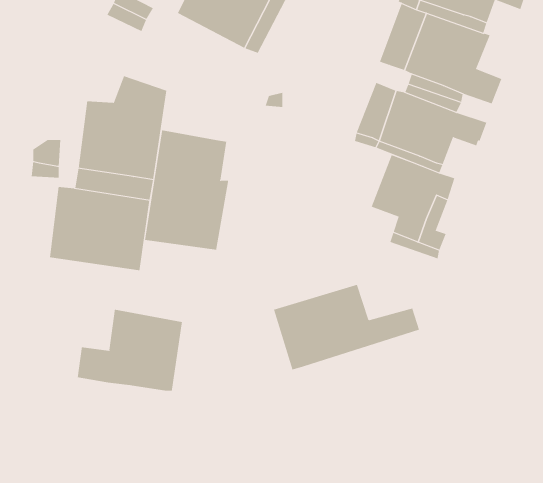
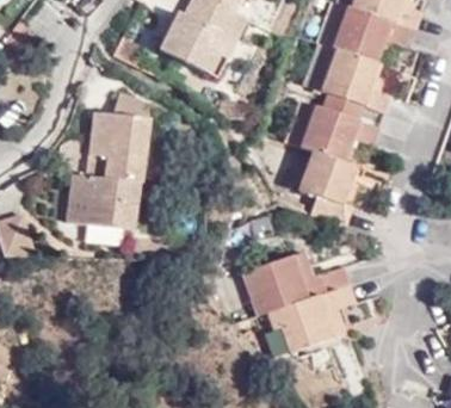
building: [145,130,229,251] -> none
building: [77,309,182,392] -> none
building: none -> [251,274,339,341]

